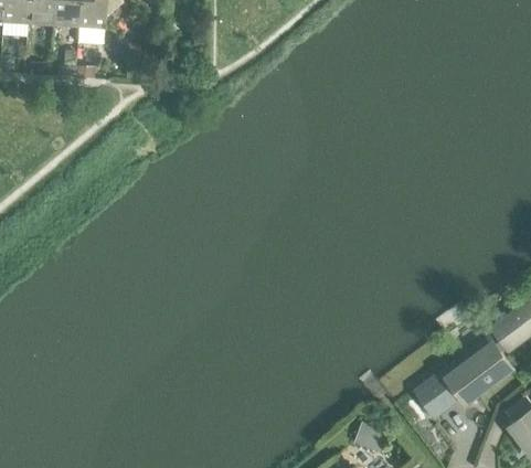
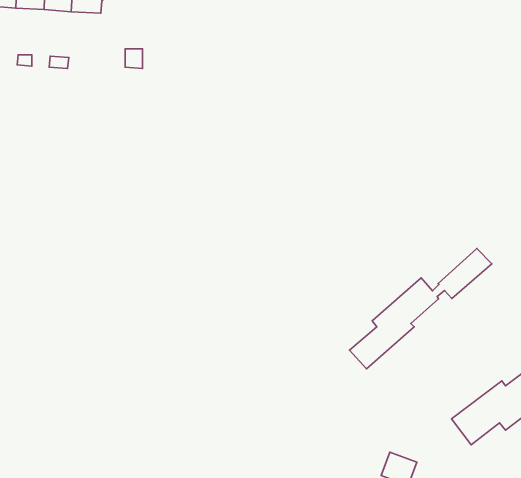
building: none -> [350,248,492,369]

